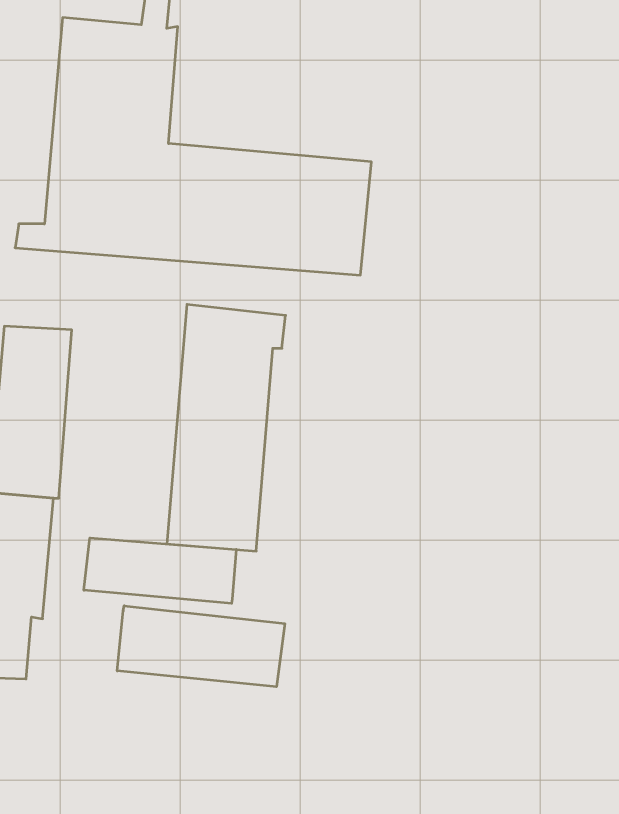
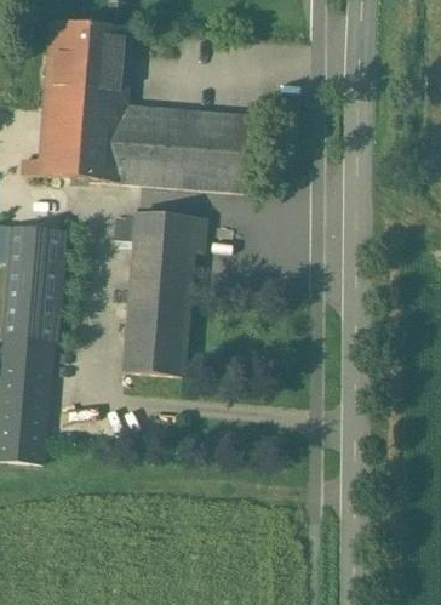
building: [84,538,236,603] -> none
building: [117,606,285,687] -> none

